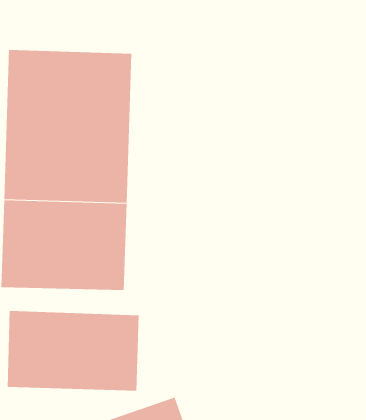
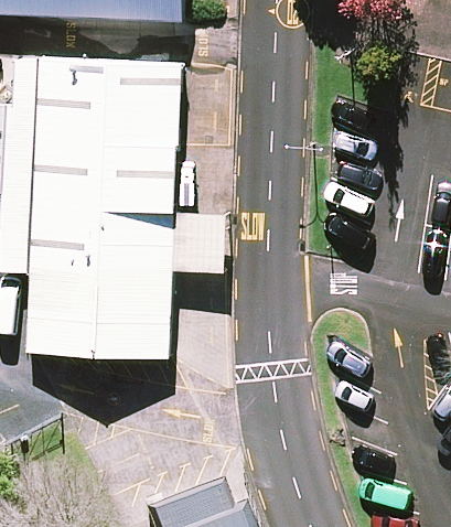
building: [7,310,139,392] -> none

